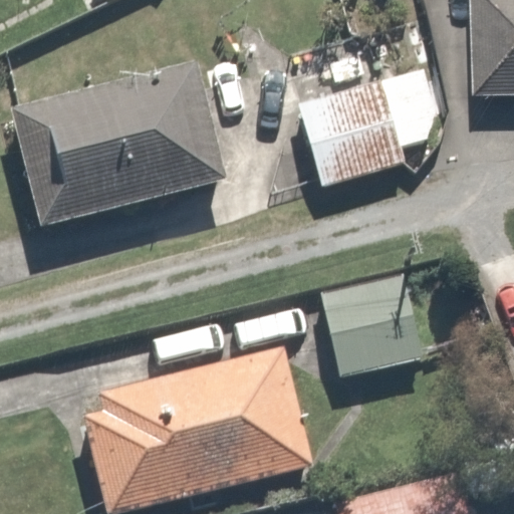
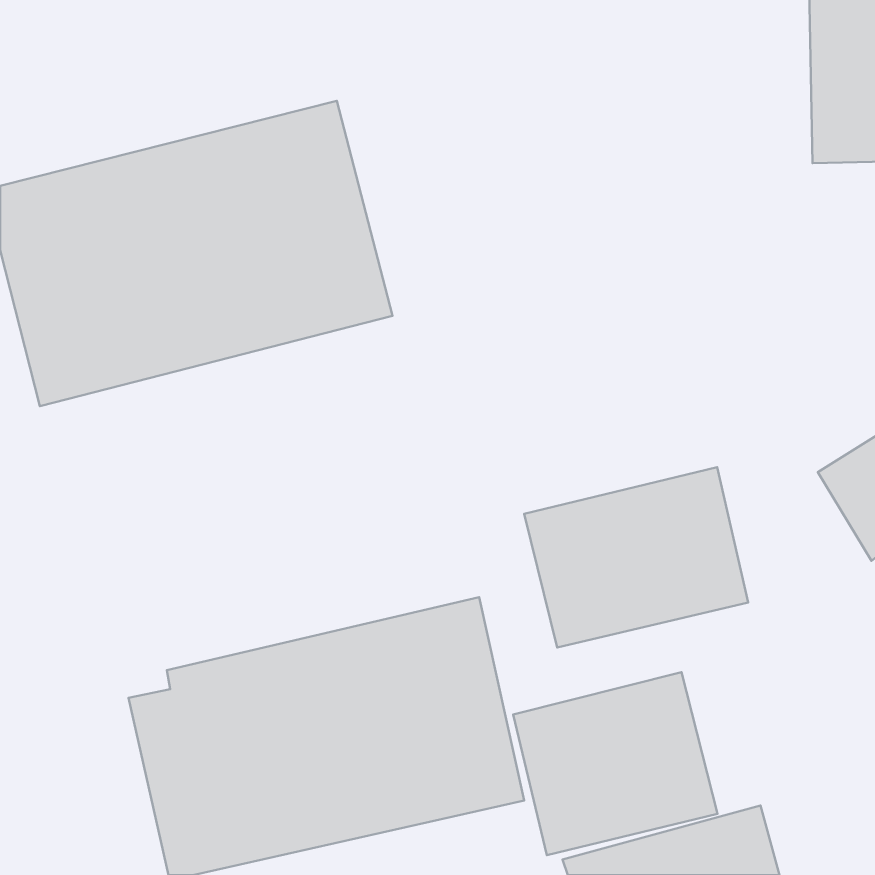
building: [294,63,441,190] -> none
building: none -> [513,672,718,855]

